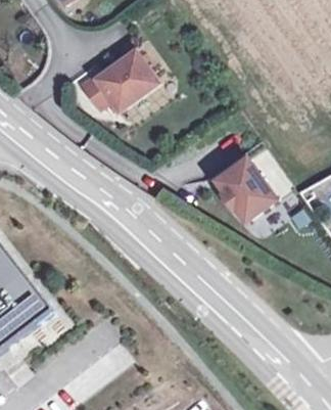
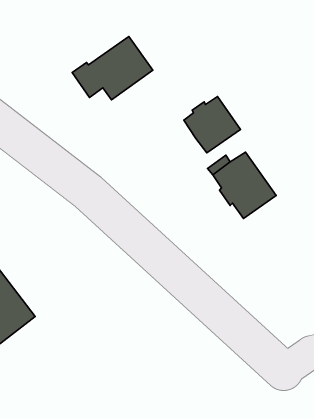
building: none -> [184,96,240,153]

